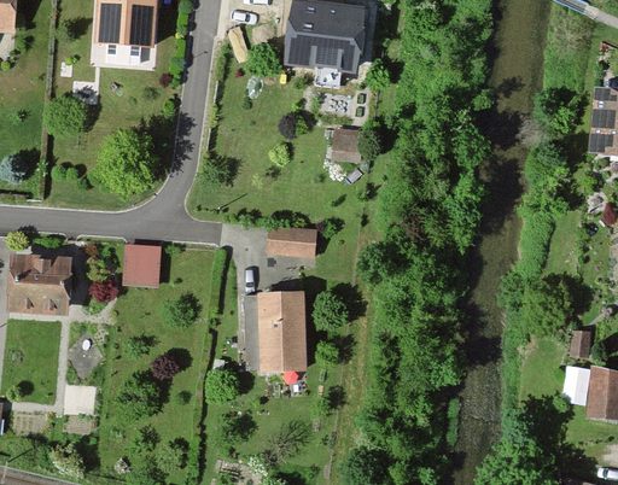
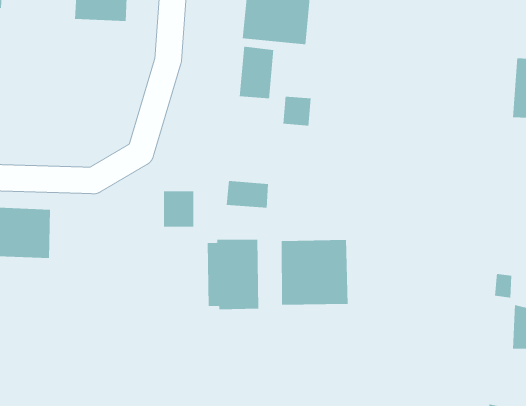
building: none -> [239,46,274,99]
building: [124,245,159,286] -> [163,191,194,227]
building: none -> [281,239,348,306]

